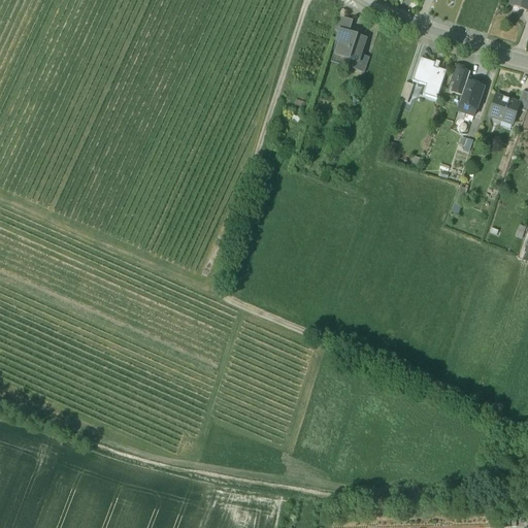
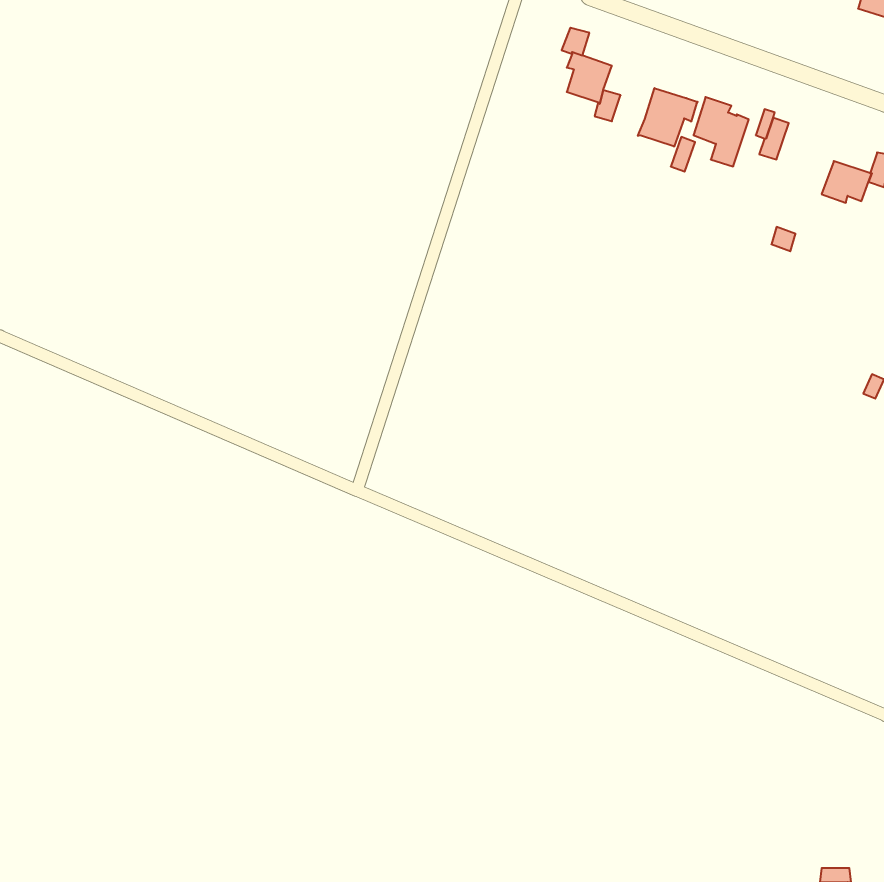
building: none -> [638,88,698,147]
building: [459,73,485,116] -> none

